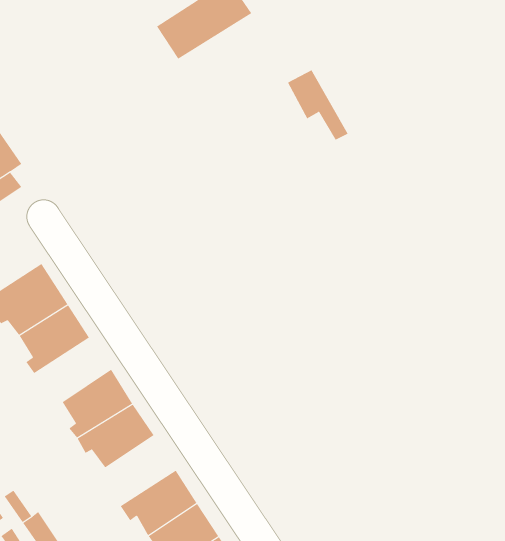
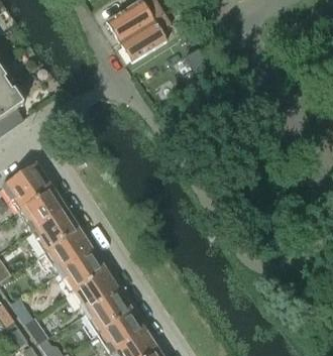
building: none -> [118,12,171,62]
building: none -> [30,210,78,249]
building: none -> [74,269,117,313]

